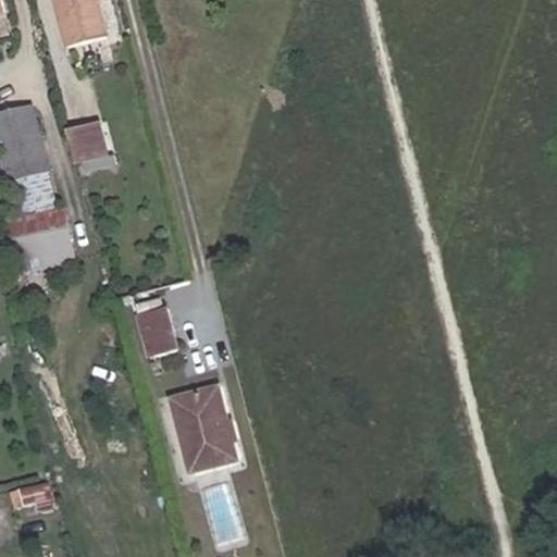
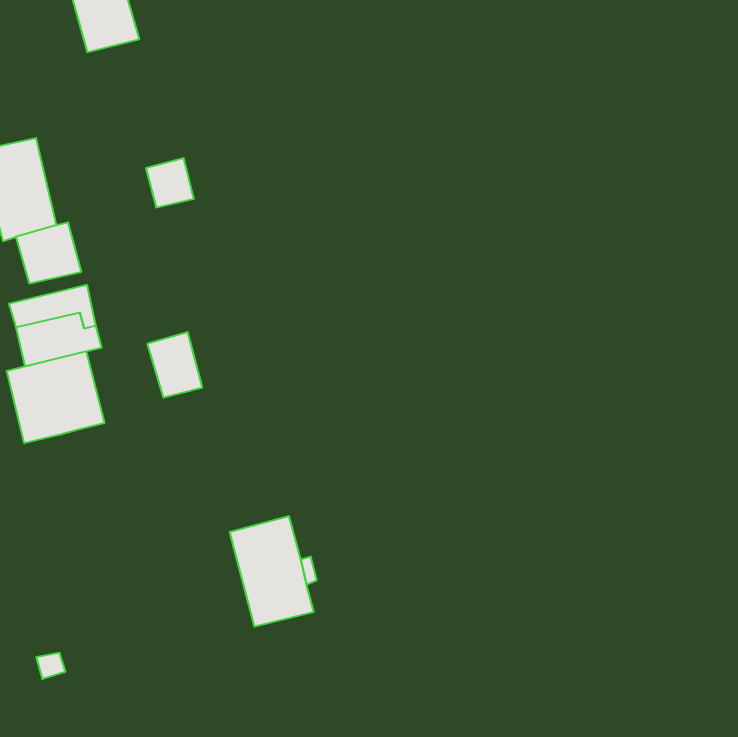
building: [66,123,102,160] -> [146,158,194,207]
building: none -> [7,351,105,443]
building: [136,305,177,354] -> [147,332,202,398]

